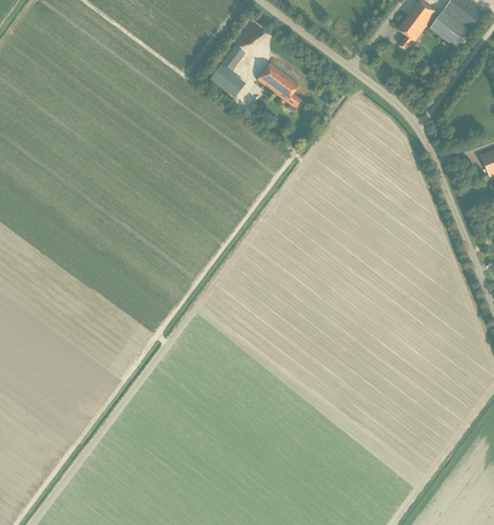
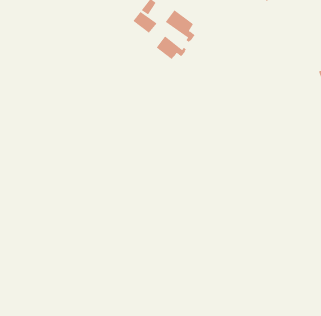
building: none -> [156,36,187,60]

